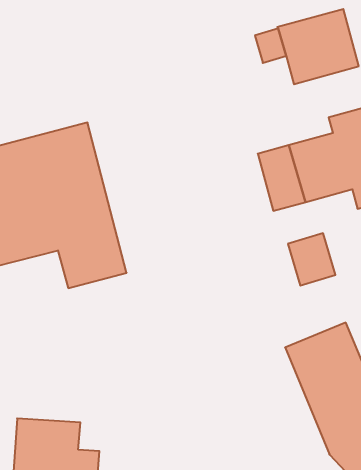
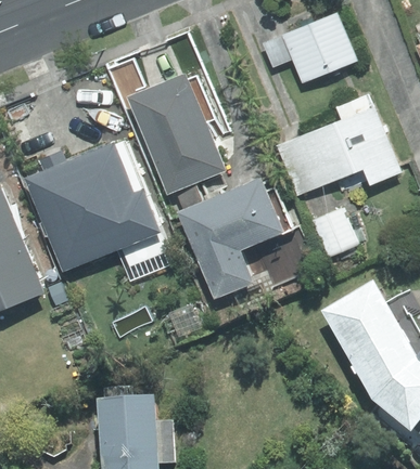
building: none -> [128,75,224,193]
building: none -> [177,179,291,299]

